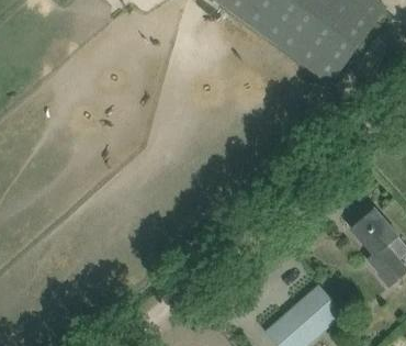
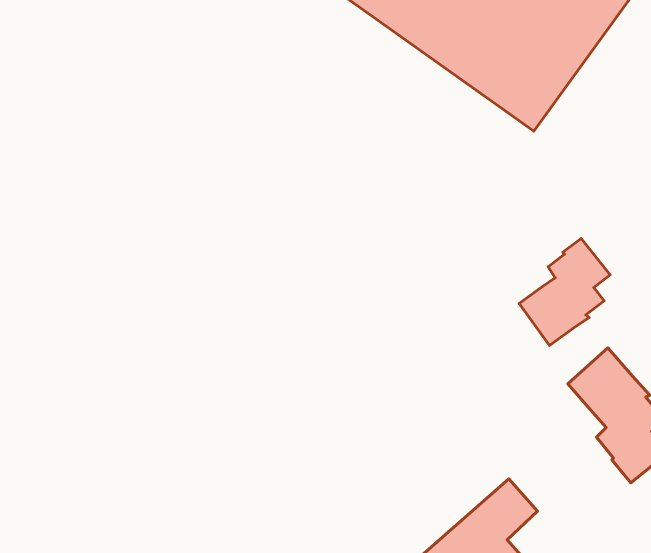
building: none -> [519,238,610,345]

